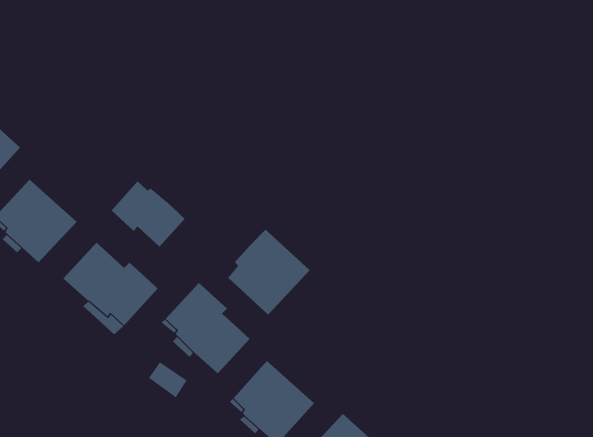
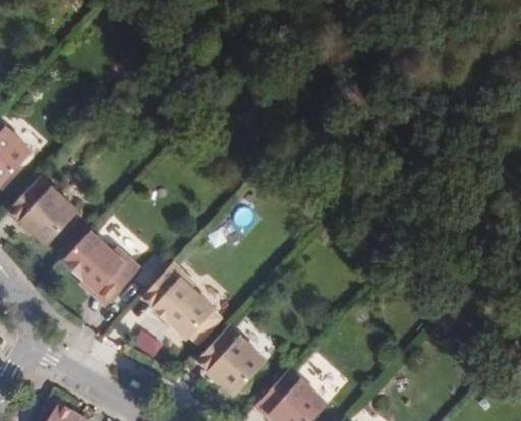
building: [111,181,186,248] -> none
building: [227,229,311,316] -> none

